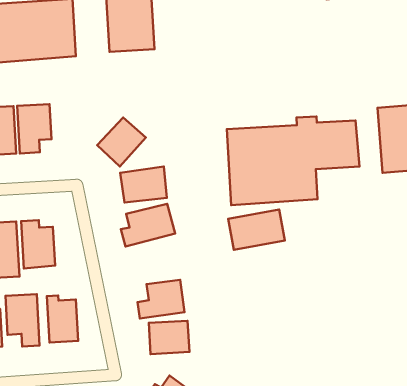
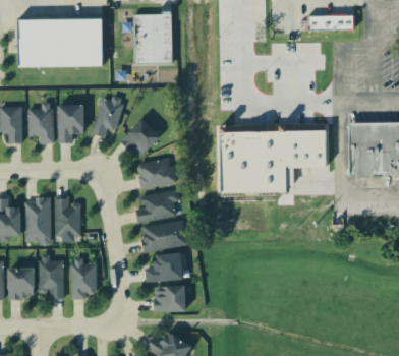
building: none -> [94,95,126,137]
building: [228,210,285,250] -> [141,221,186,251]

